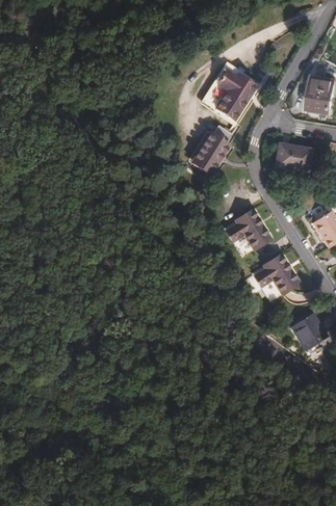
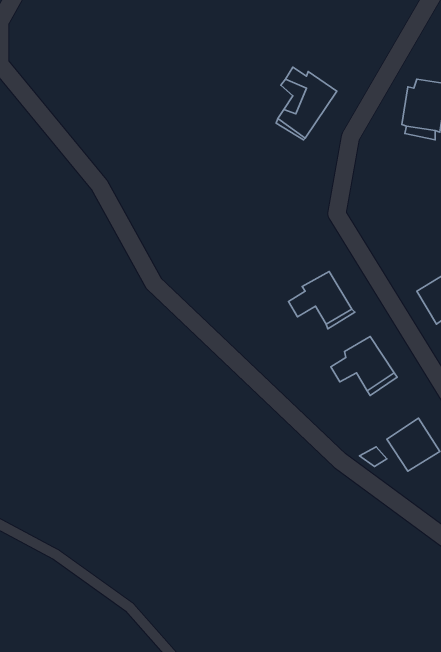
building: [191,131,230,172] -> none
building: [274,142,311,170] -> none

